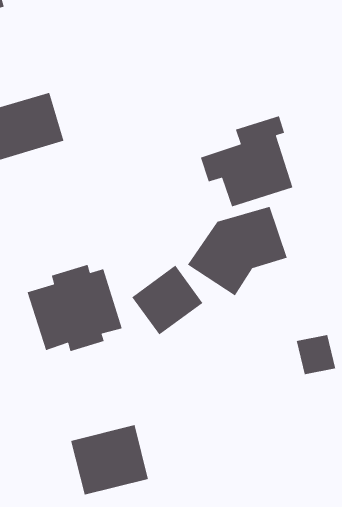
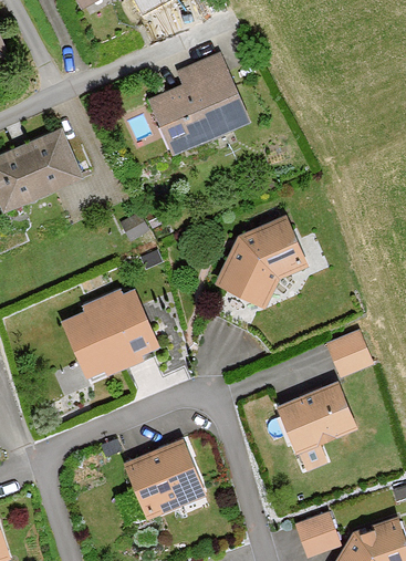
building: [200,115,293,208] -> [152,55,244,149]
building: [131,265,204,335] -> none
building: none -> [275,381,353,450]

